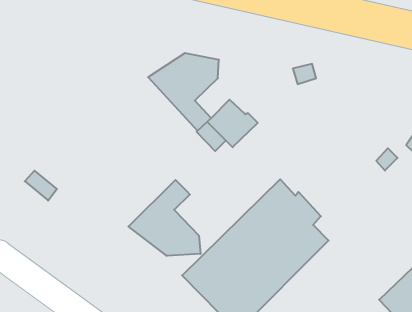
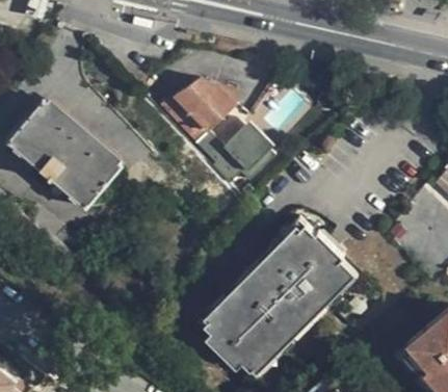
building: none -> [10,102,121,206]
building: [128,180,201,256] -> none

